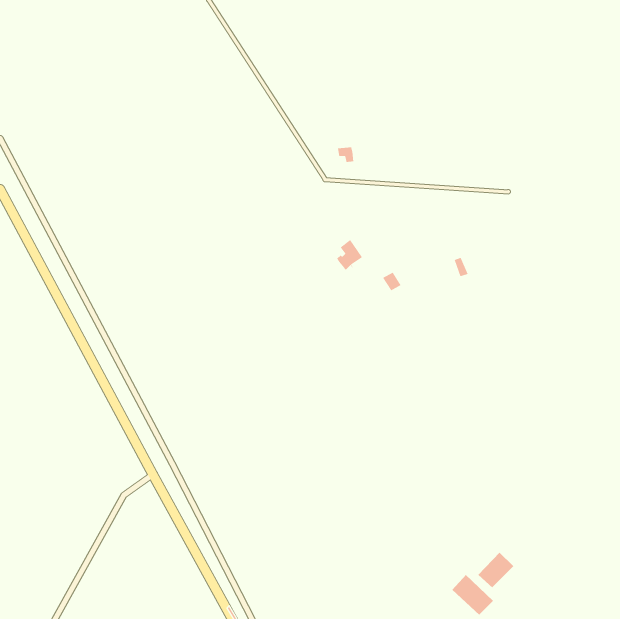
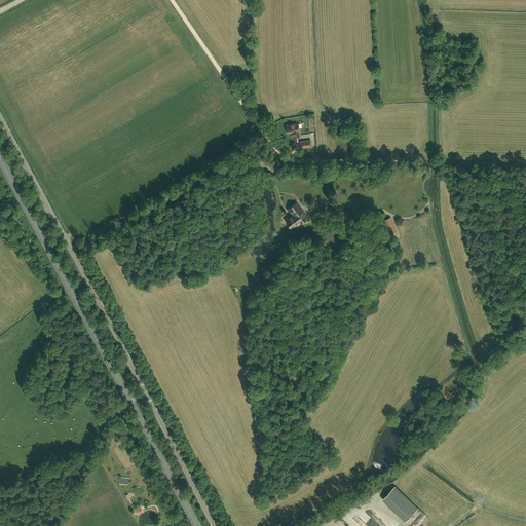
building: [477,552,514,588] -> none

